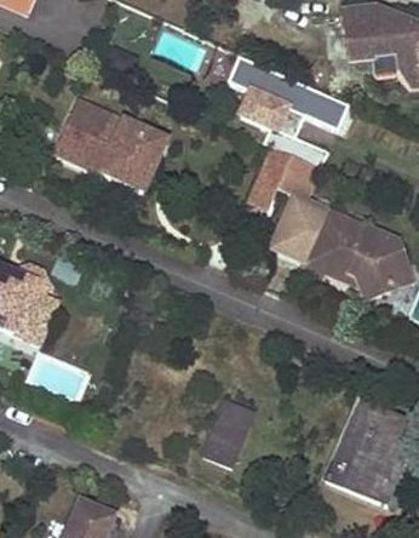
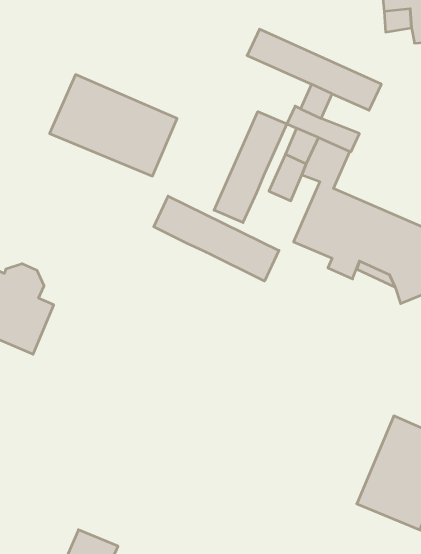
building: none -> [214,112,287,223]
building: none -> [154,196,279,281]
building: [201,400,253,465] -> none

